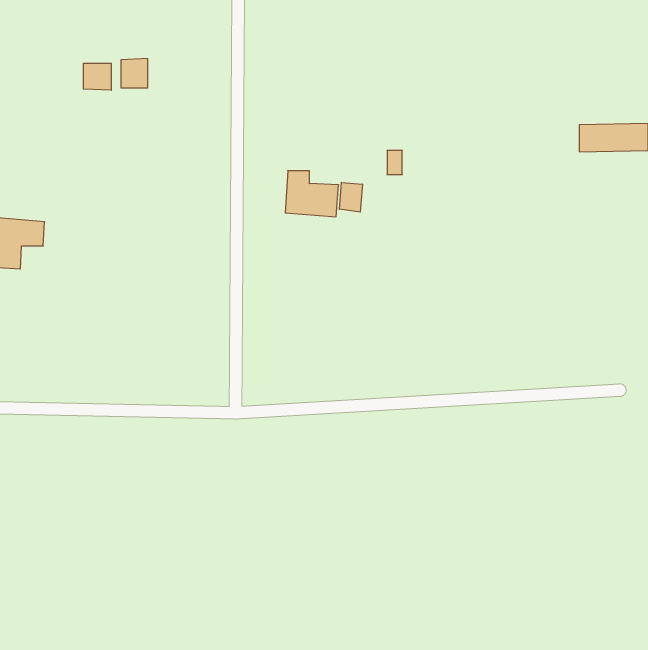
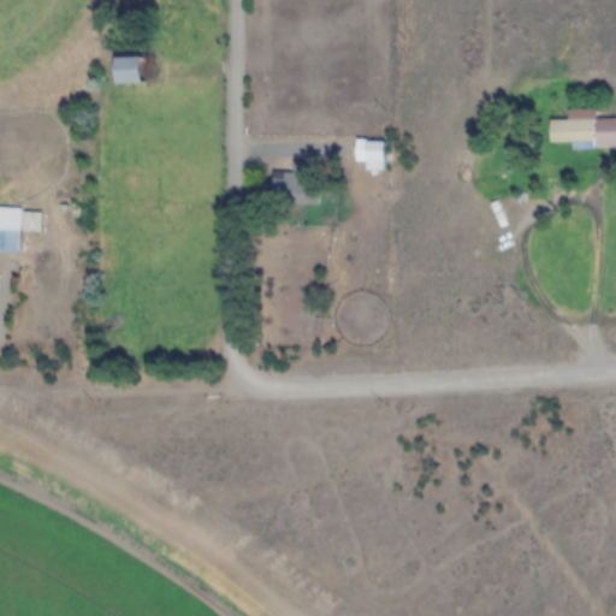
building: [83,63,111,90] -> none
building: [339,182,362,212] -> none

